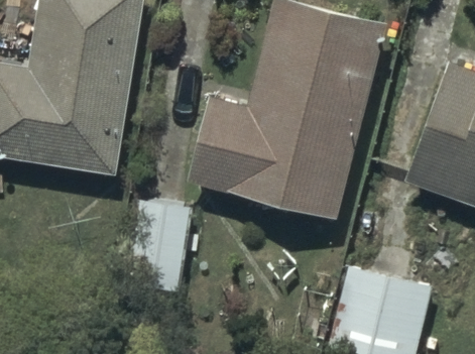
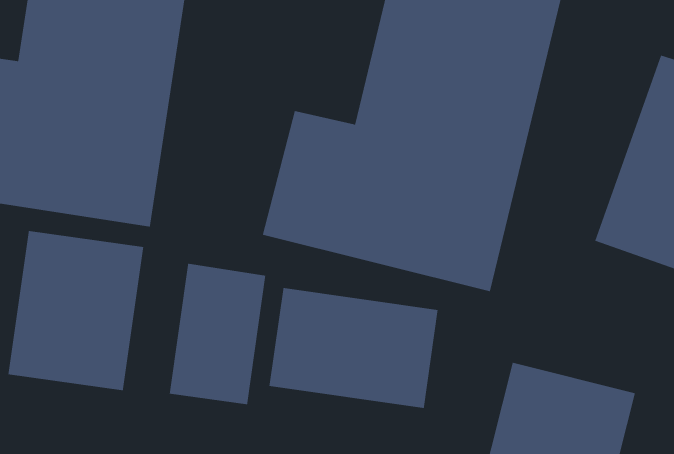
building: none -> [7,230,144,391]
building: none -> [269,287,438,409]

